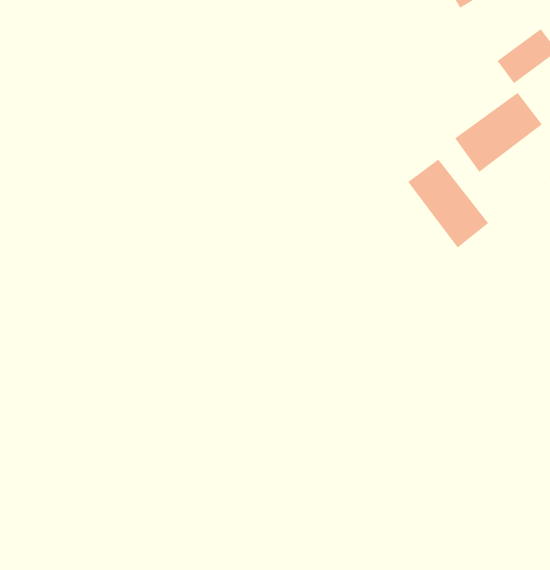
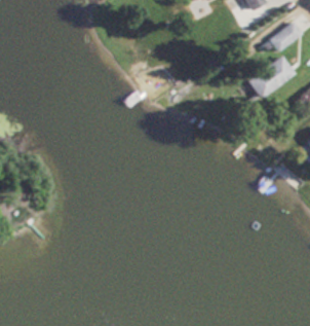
building: [407,159,489,248] -> none

